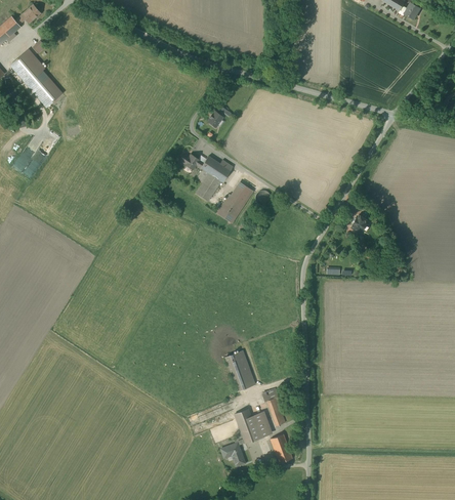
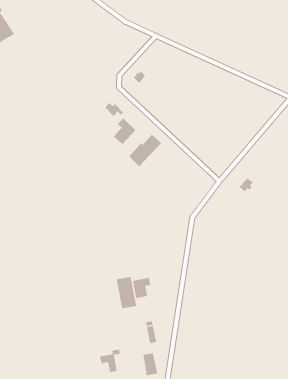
building: [201,156,233,182] -> none
building: none -> [132,277,151,299]
building: [235,409,268,443] -> none

